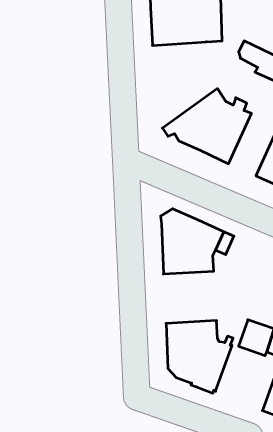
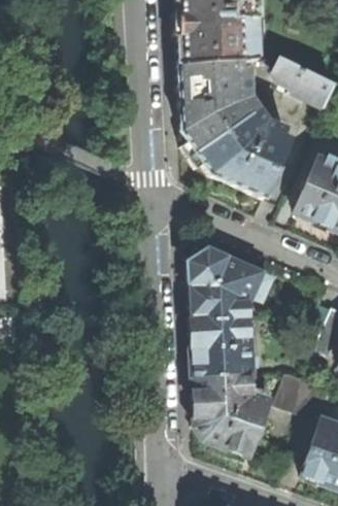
building: none -> [178,59,251,156]
building: none -> [191,316,250,375]

